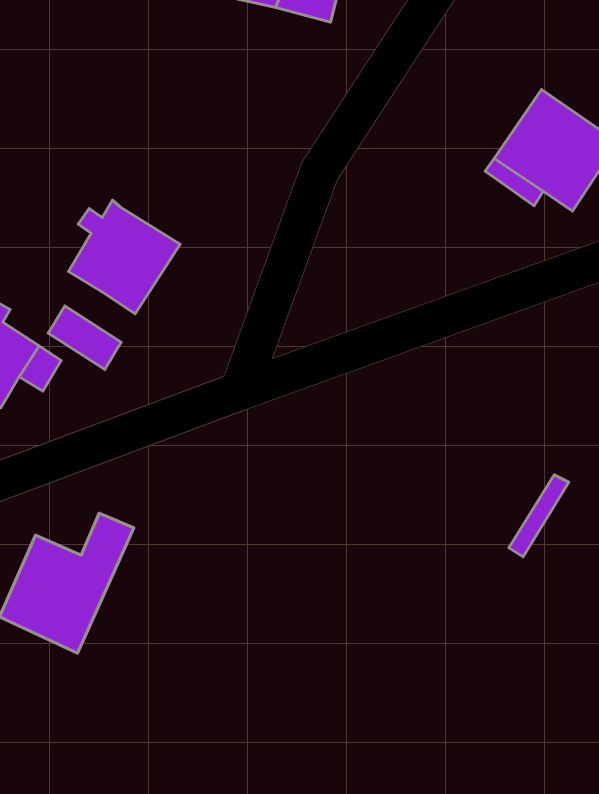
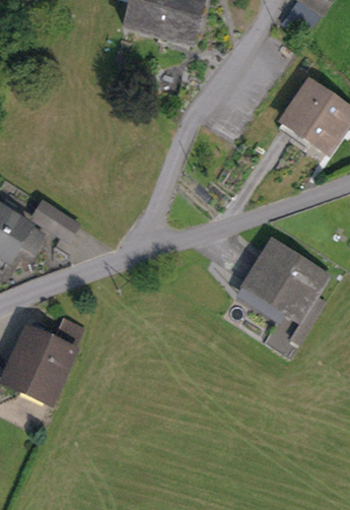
building: [68,200,180,314] -> none
building: none -> [242,243,324,319]

